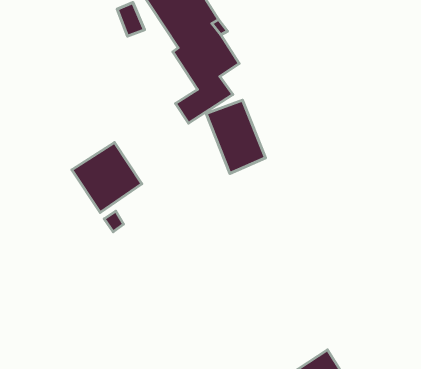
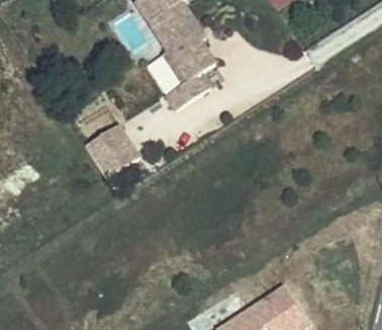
building: [206,100,266,173] -> none

